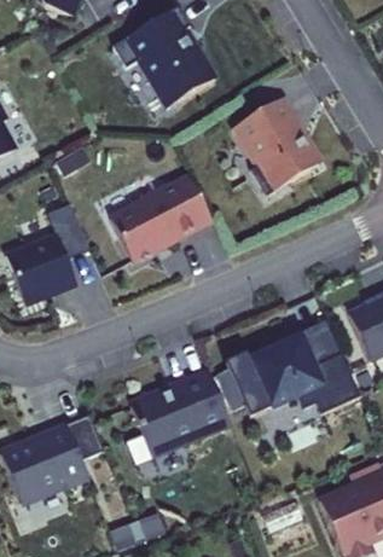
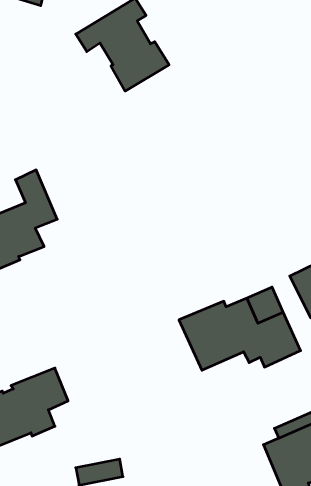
building: [245,95,318,195] -> none
building: [111,176,210,261] -> none
building: [130,369,230,454] -> none

